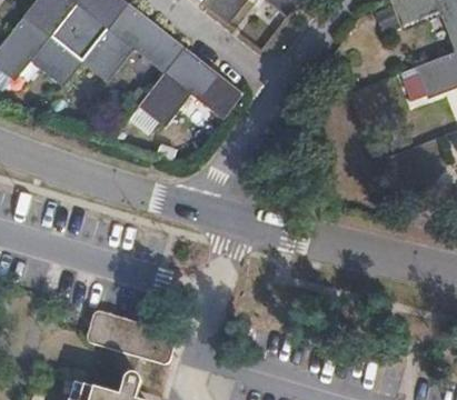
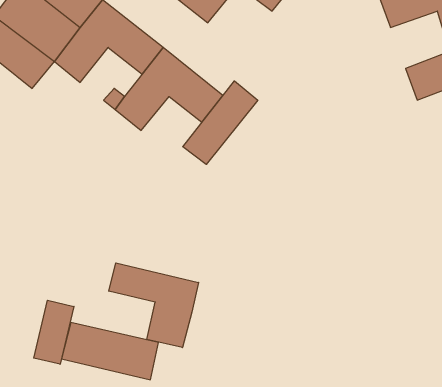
building: none -> [183,81,258,164]
building: none -> [109,263,199,348]
building: none -> [34,300,74,364]

